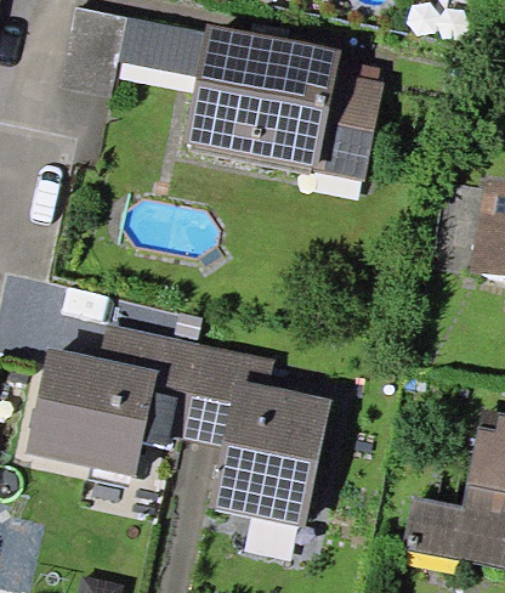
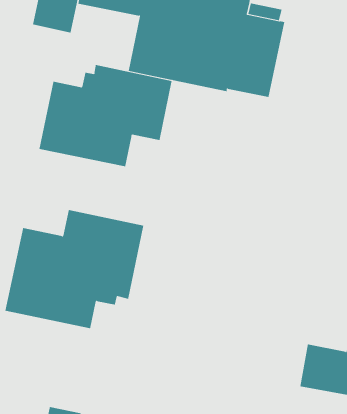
building: none -> [39,64,172,167]
building: [185,344,331,526] -> none

